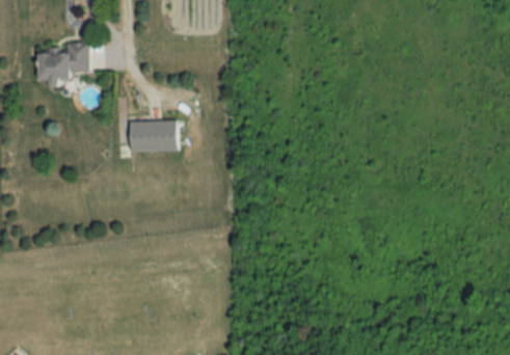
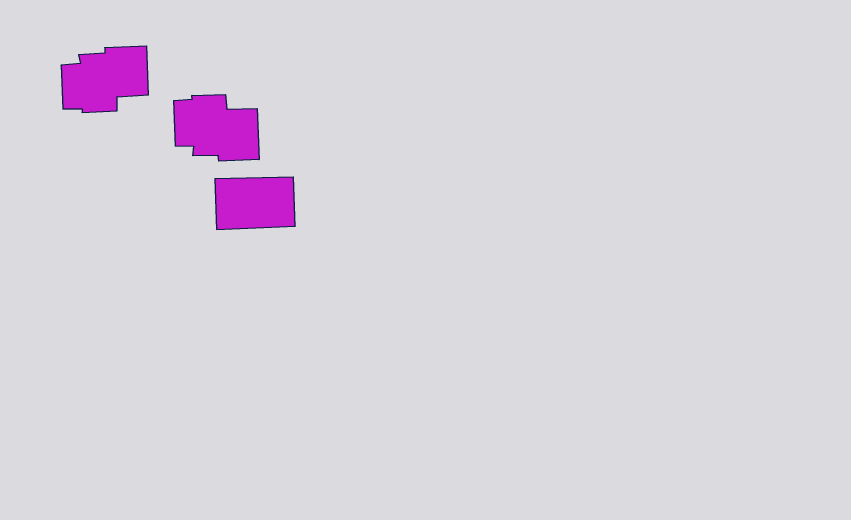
building: none -> [174,95,259,161]

